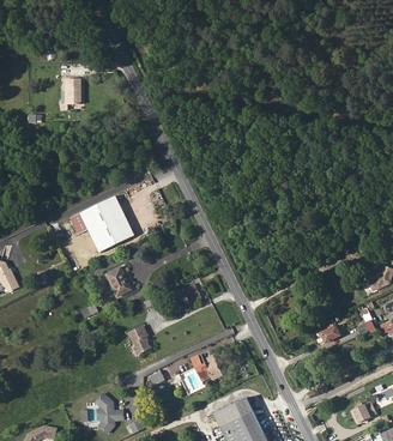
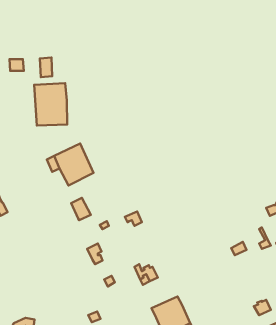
building: none -> [34,83,67,126]
building: [97,391,125,430] -> none

